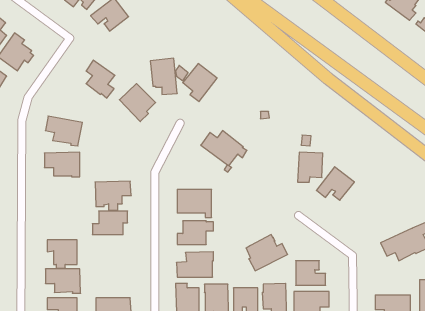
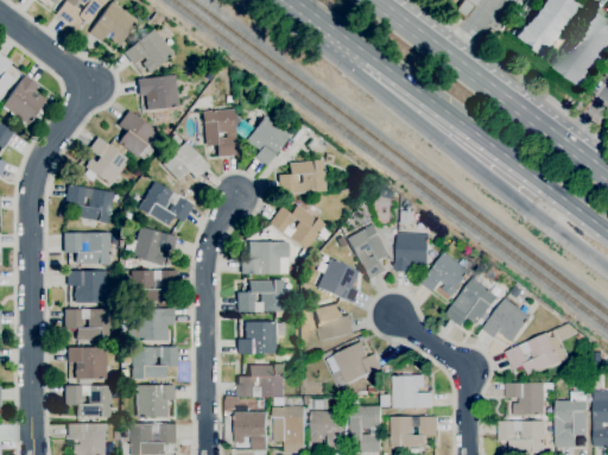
building: none -> [139,75,179,109]
building: none -> [84,137,128,185]
building: none -> [279,159,327,194]
building: none -> [138,179,195,225]
building: none -> [347,223,391,278]
building: none -> [125,226,177,265]
building: none -> [242,241,289,273]
building: none -> [316,258,359,303]
building: none -> [68,270,106,303]
building: none -> [446,276,500,326]
building: none -> [483,297,532,341]
building: none -> [314,303,355,340]
building: none -> [64,308,110,340]
building: none -> [132,346,178,379]
building: none -> [506,381,545,413]
building: none -> [137,385,175,417]

